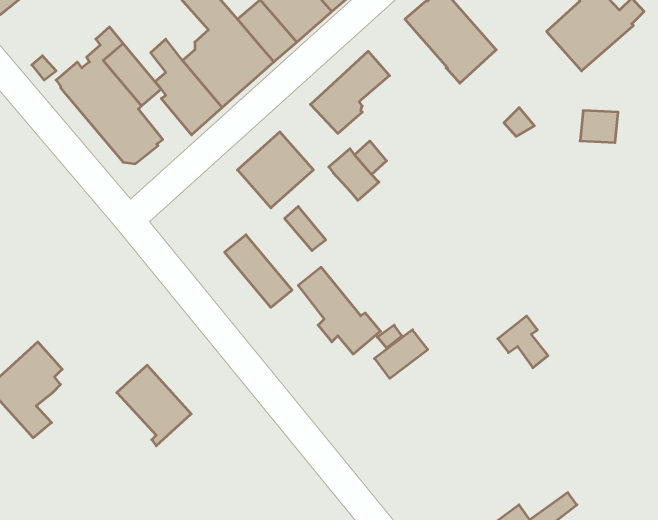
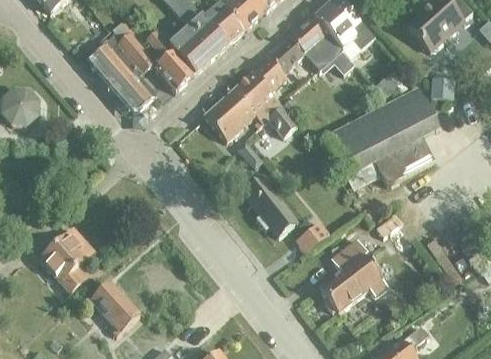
building: none -> [290,16,342,70]
building: none -> [232,72,278,122]
building: none -> [322,88,437,186]
building: [225,235,292,307] -> none
building: none -> [319,238,387,312]
building: [117,365,191,446] -> [90,282,139,335]

